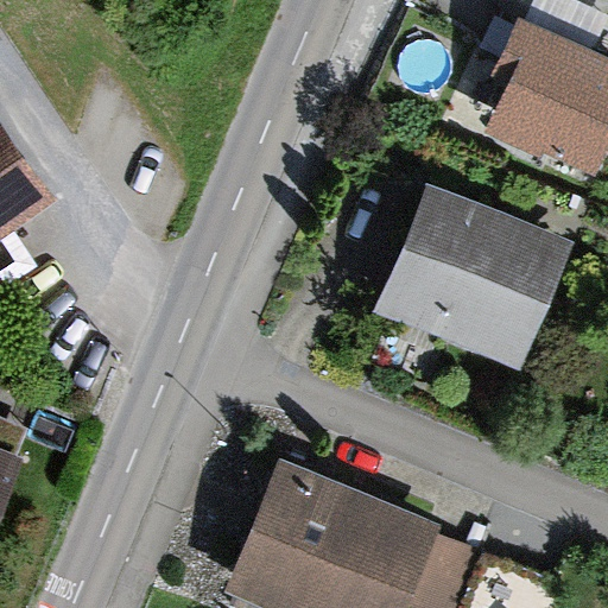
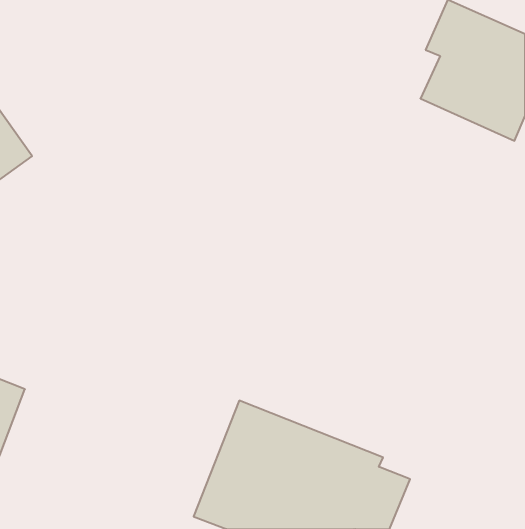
building: [398,195,596,387] -> none

